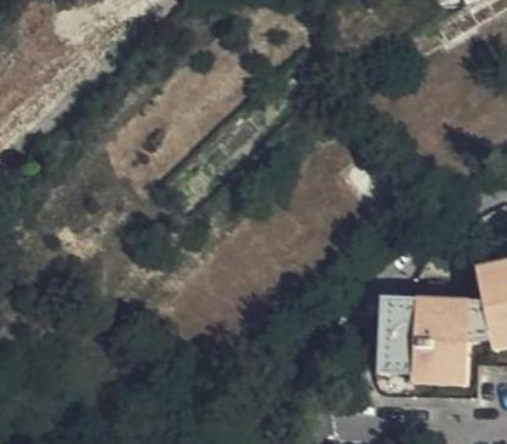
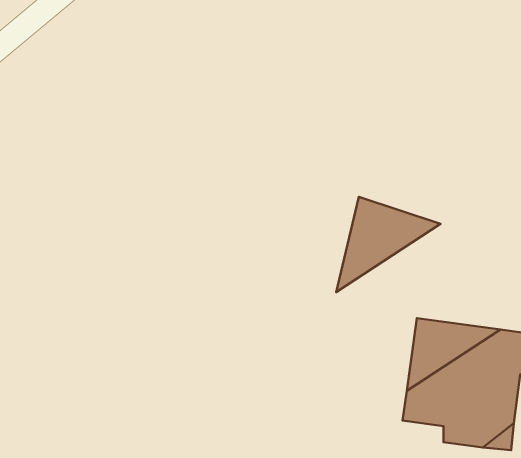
building: none -> [336,197,441,292]

